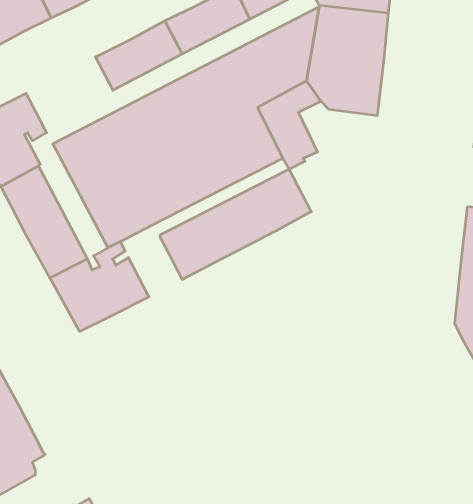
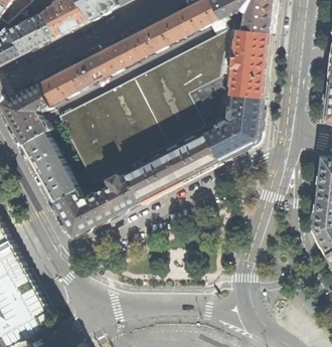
building: none -> [38,61,94,106]
building: none -> [206,95,263,160]
building: none -> [99,168,138,214]

